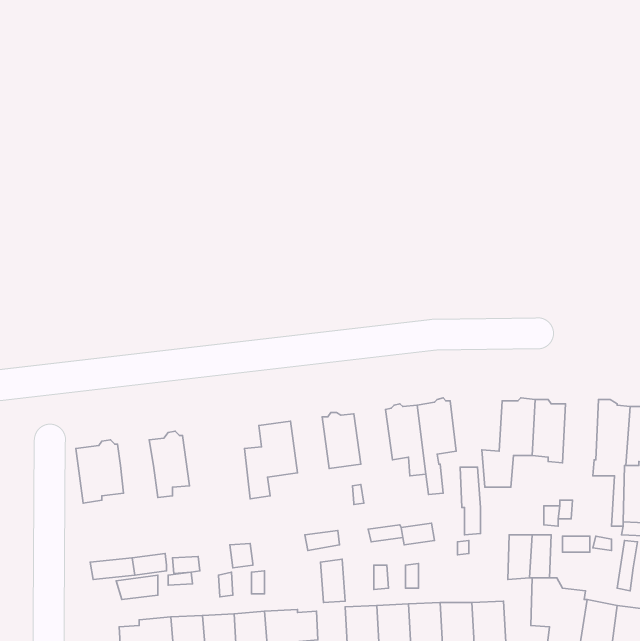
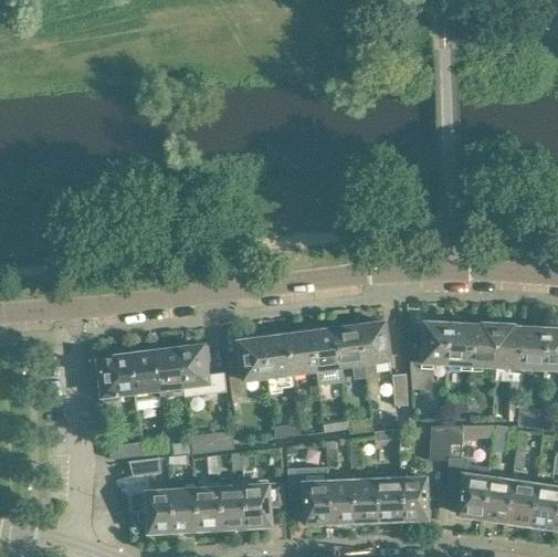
building: none -> [471,319,498,376]
building: none -> [310,326,341,383]
building: none -> [262,333,293,392]
building: none -> [179,343,228,396]
building: none -> [129,349,161,409]

